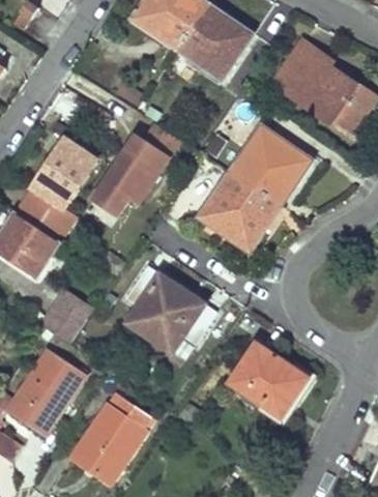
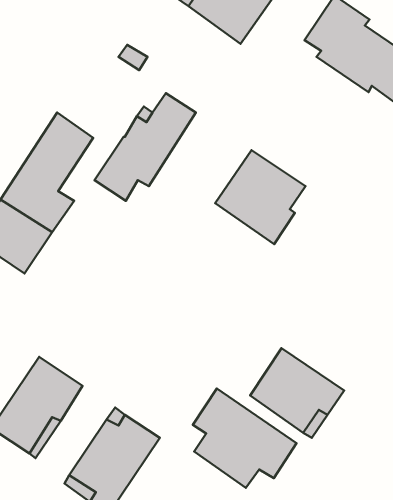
building: [230,124,313,203] -> none
building: [126,267,215,352] -> [193,389,297,488]
building: [41,288,94,343] -> none

